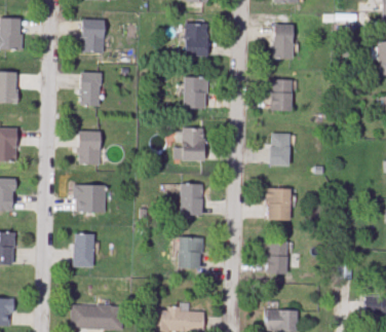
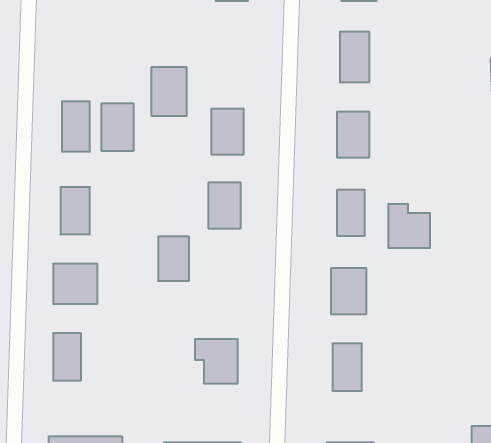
building: [82,21,105,53] -> [101,104,134,151]
building: [185,23,209,57] -> [151,67,187,116]
building: none -> [388,204,430,248]
building: [181,184,202,215] -> [158,237,189,281]

